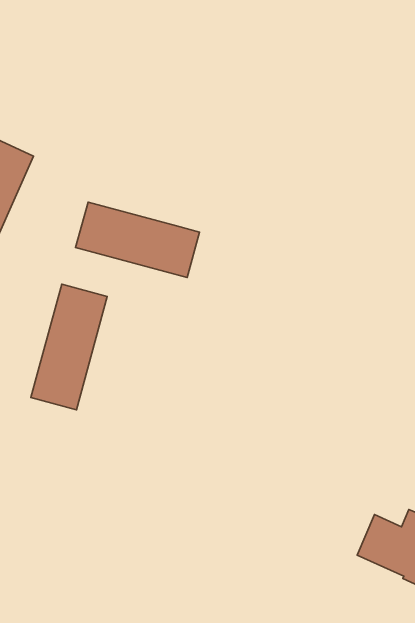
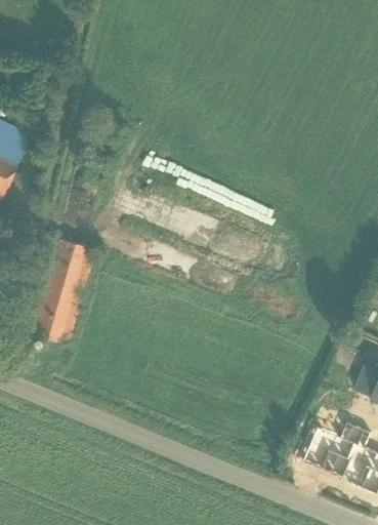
building: [76,202,199,278] -> none

